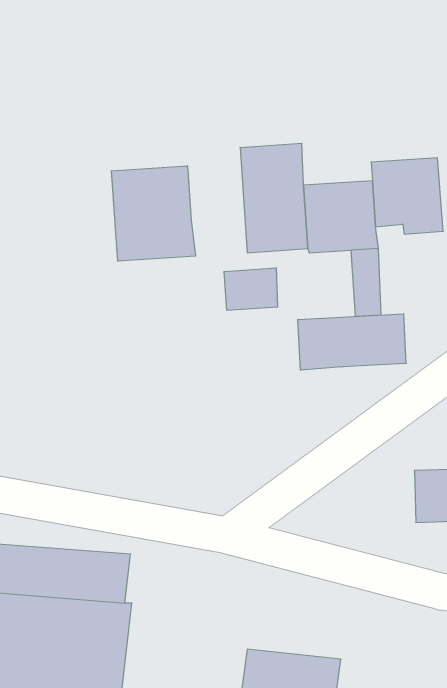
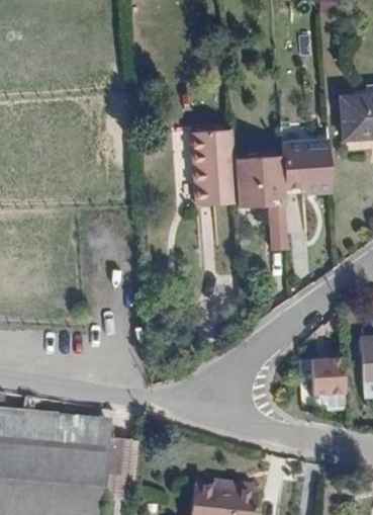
building: [112,166,195,261] -> none
building: [224,268,277,310] -> none
building: [298,314,406,370] -> none

